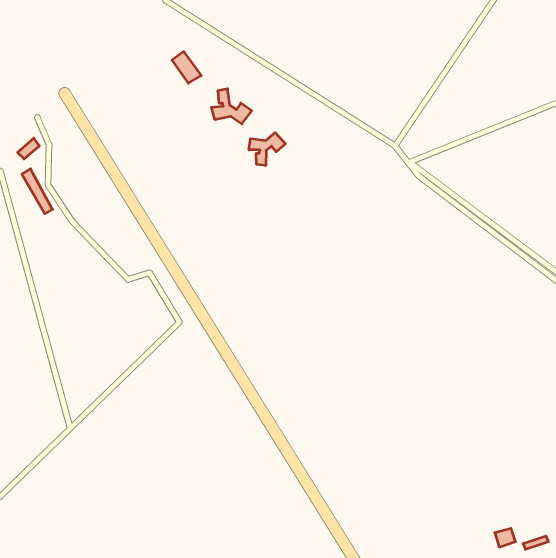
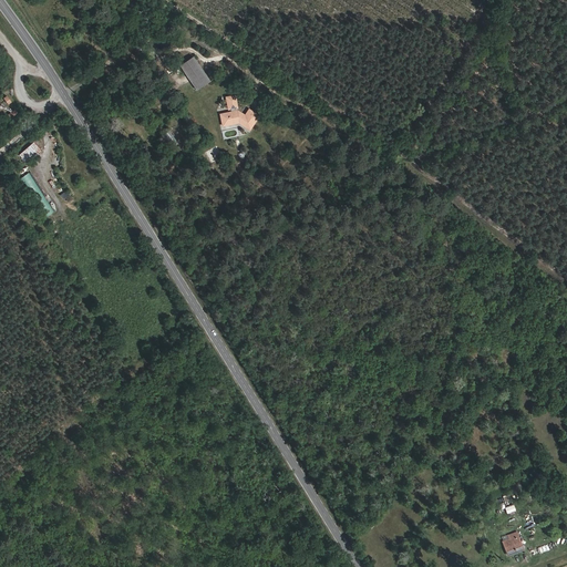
building: [249,133,285,166] -> none

